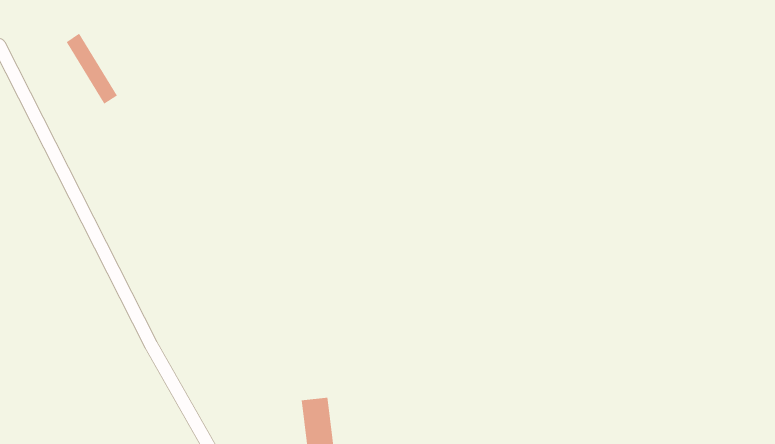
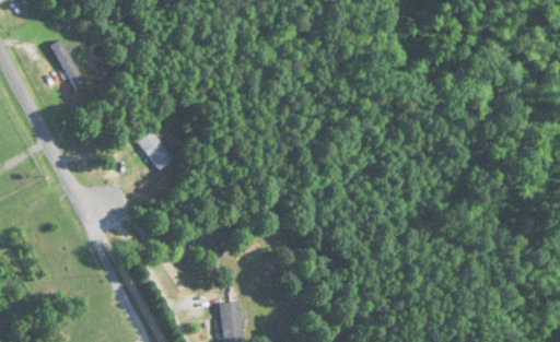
building: none -> [135,130,173,170]

